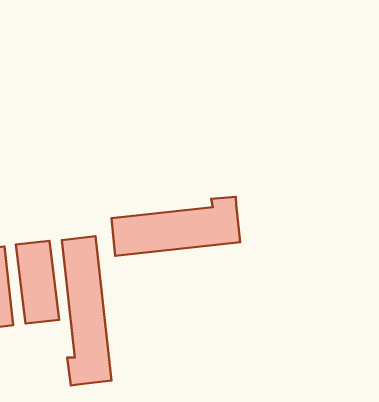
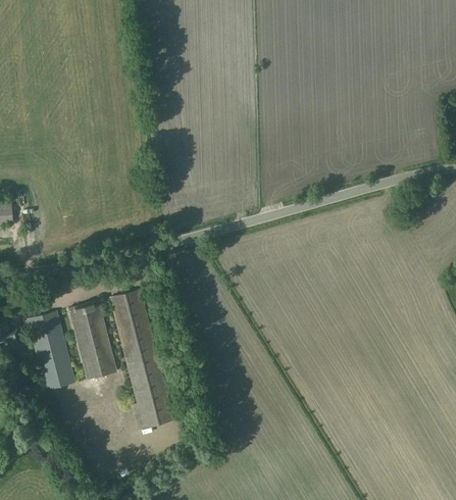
building: [111,197,240,256] -> none

